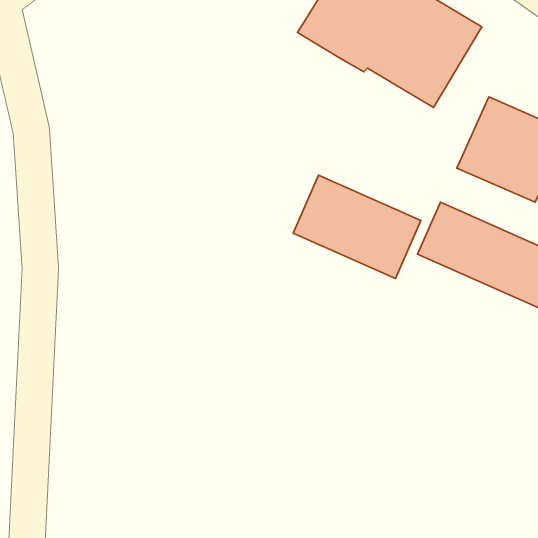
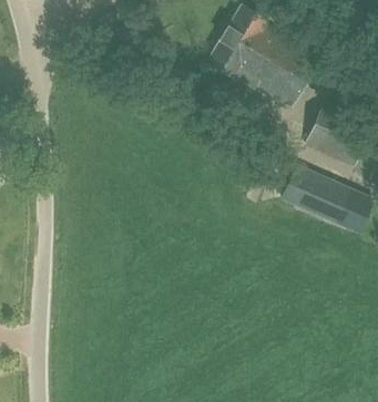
building: [293,175,421,279] -> none

